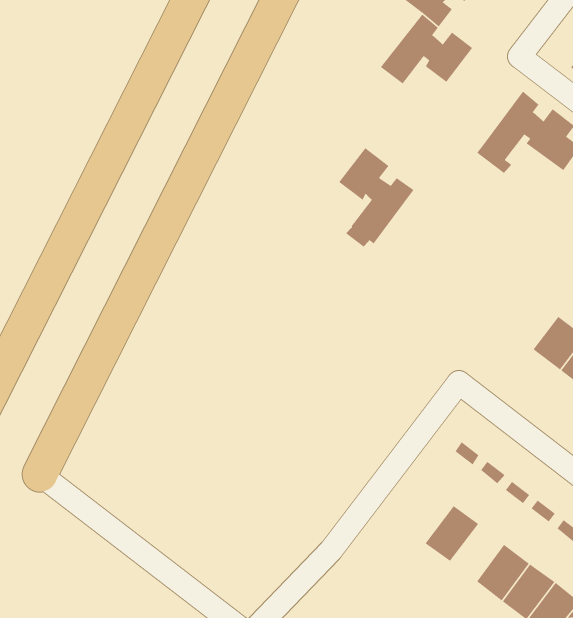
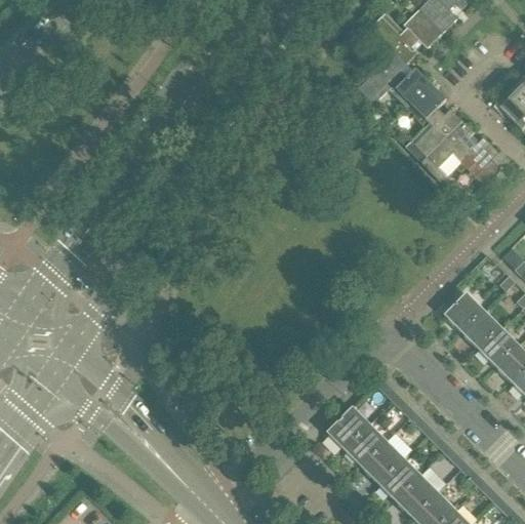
building: [338,147,415,247] -> [406,83,462,158]
building: none -> [327,406,369,449]
building: none -> [361,440,415,483]

